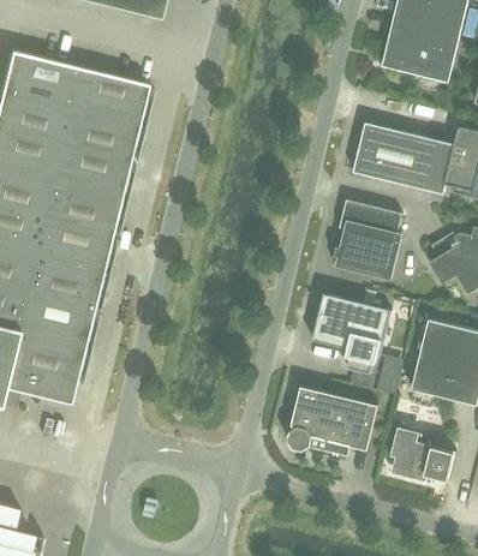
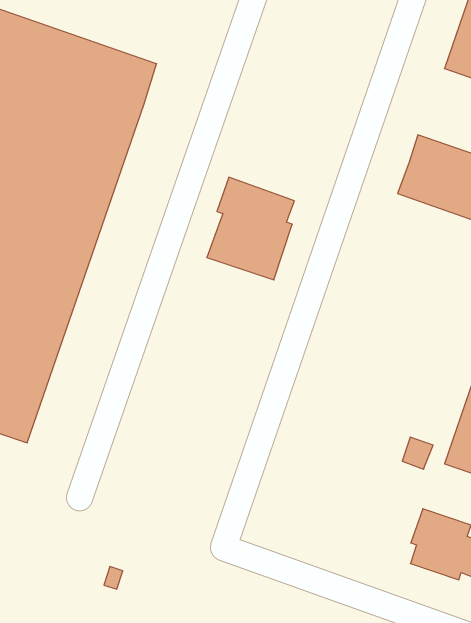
building: [335,198,402,279] -> [207,177,294,280]
building: [312,292,392,372] -> none
building: [287,385,378,460] -> none

